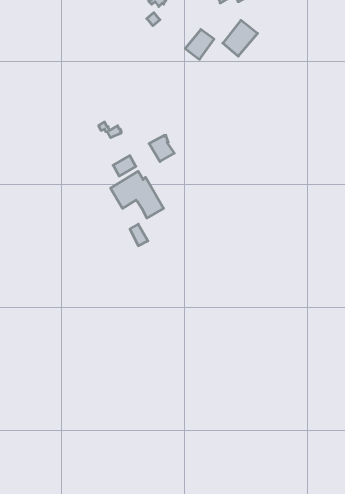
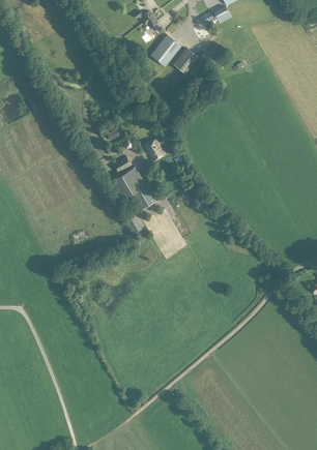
building: [223,20,258,56] -> [150,33,180,64]

